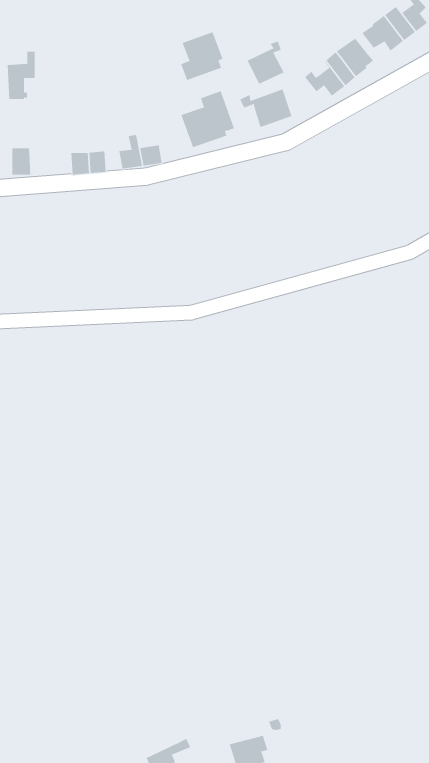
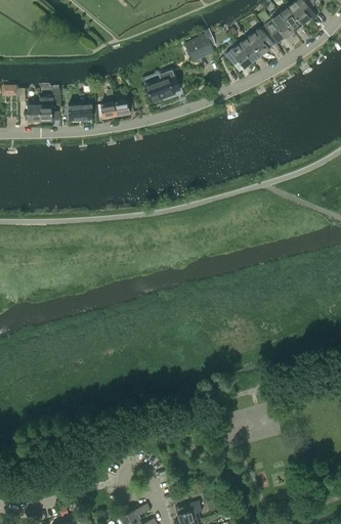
building: [181,31,223,81] -> none
building: [7,51,36,100] -> [40,88,59,121]
building: [239,89,292,128] -> none

